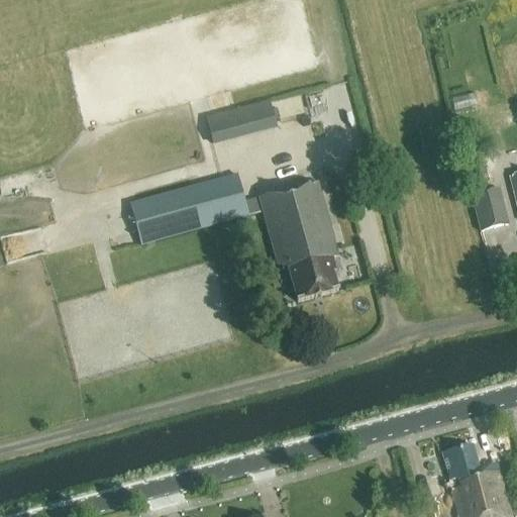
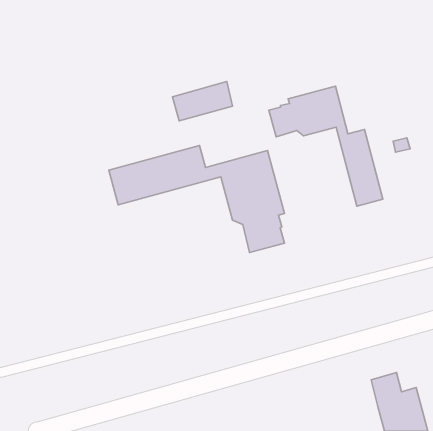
building: none -> [269,86,383,206]
building: [472,186,509,229] -> none

